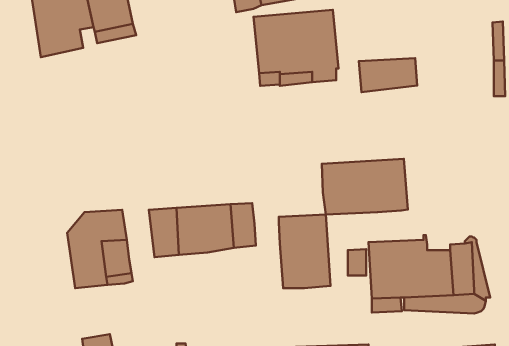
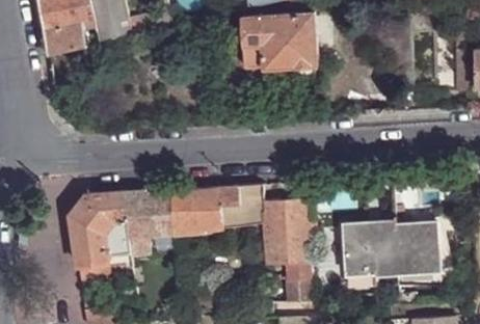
building: [359,58,417,92] -> none
building: [322,159,408,215] -> none
building: none -> [237,185,262,225]
building: none -> [119,191,149,238]
building: none -> [283,262,311,304]

